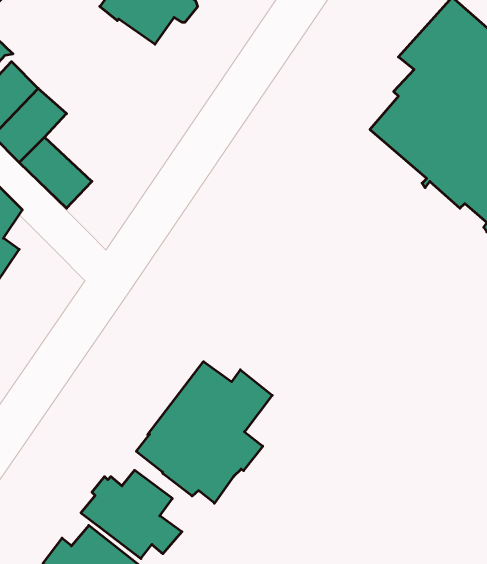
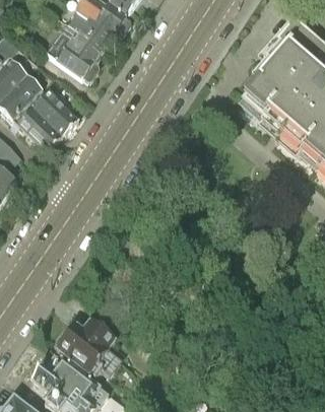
building: none -> [46,31,103,80]
building: none -> [31,90,77,136]
building: [136,362,272,503] -> none

